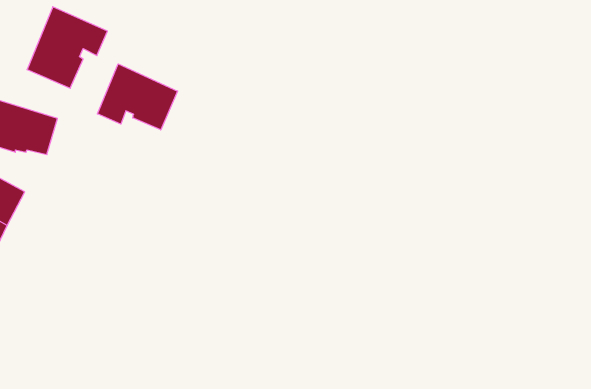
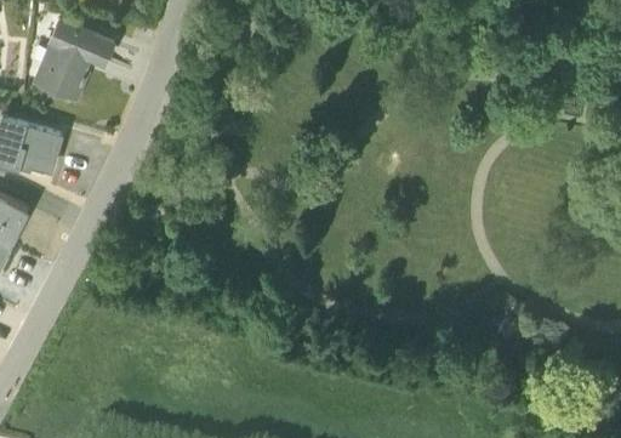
building: [97,64,178,130] -> none

